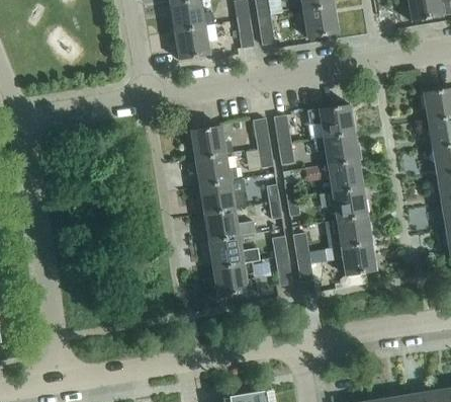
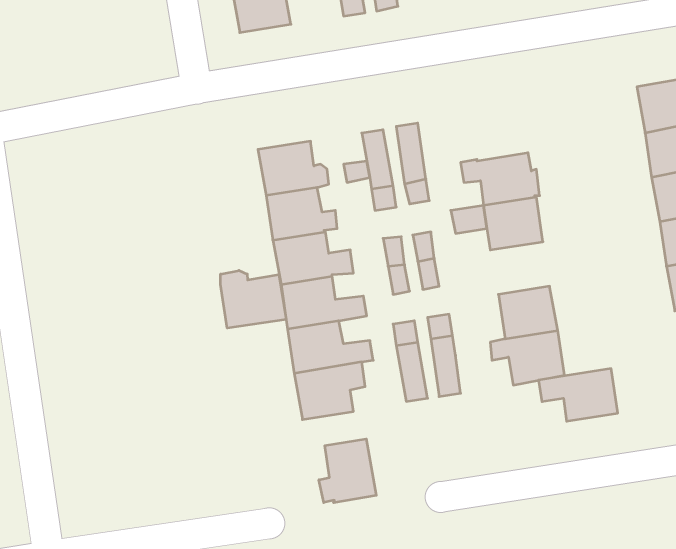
building: [307,104,355,138] -> none
building: [320,187,368,220] -> [539,369,618,421]
building: none -> [220,270,286,328]
building: none -> [319,439,376,503]

